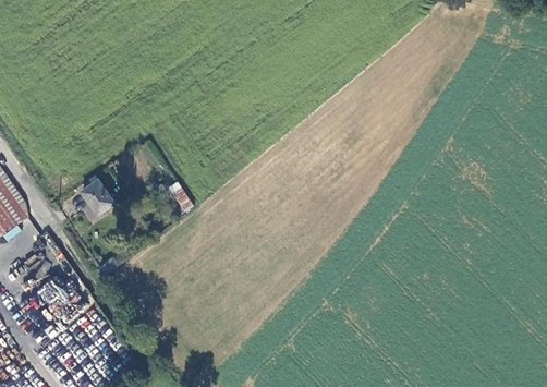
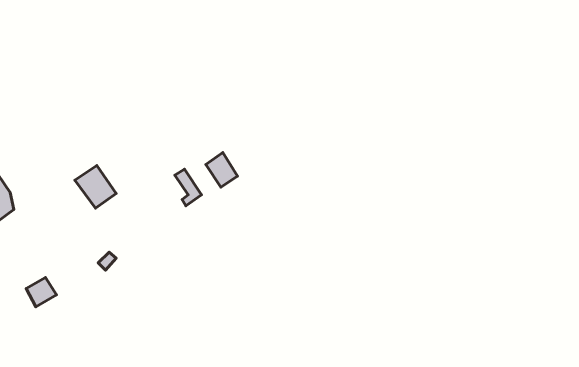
building: none -> [206,153,238,187]

